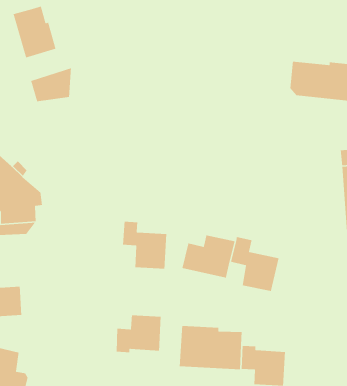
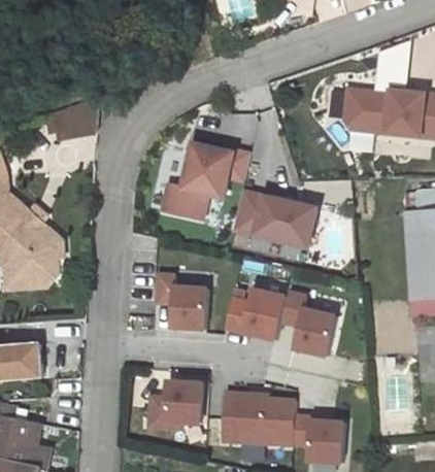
building: [12,5,56,58] -> none
building: none -> [162,141,250,216]
building: none -> [233,190,315,244]

